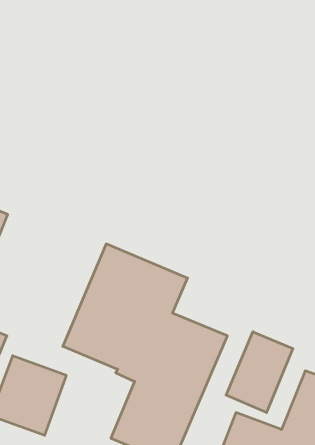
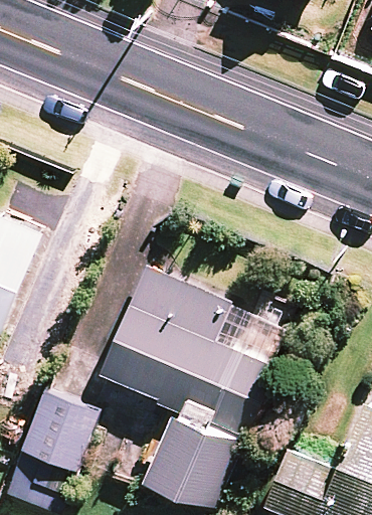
building: [226,332,293,413] -> none

